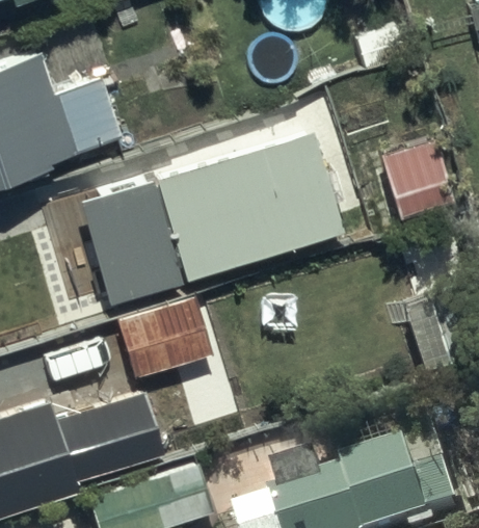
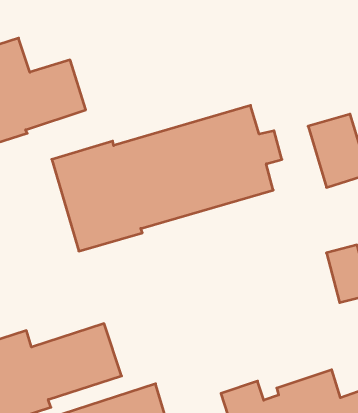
building: [119,291,246,377] -> none

